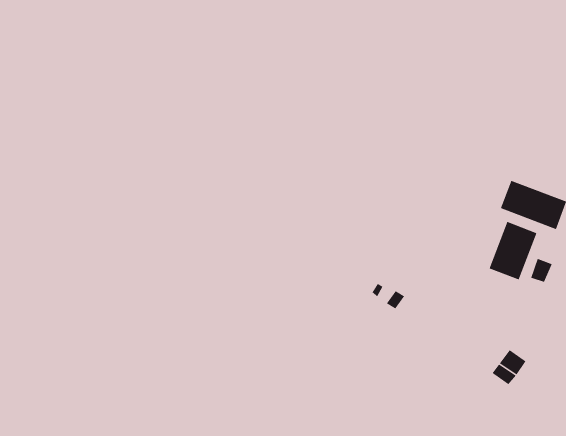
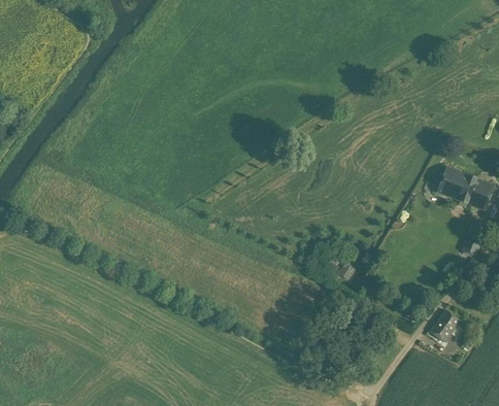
building: [489,221,538,281] -> none

